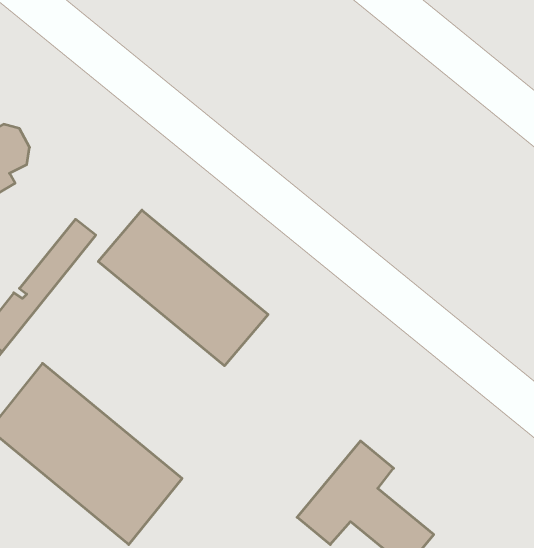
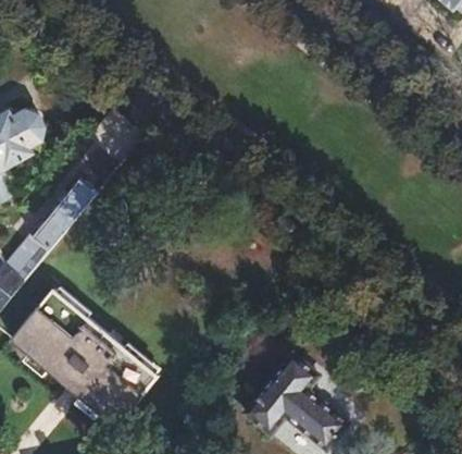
building: [98,210,268,366] -> none

